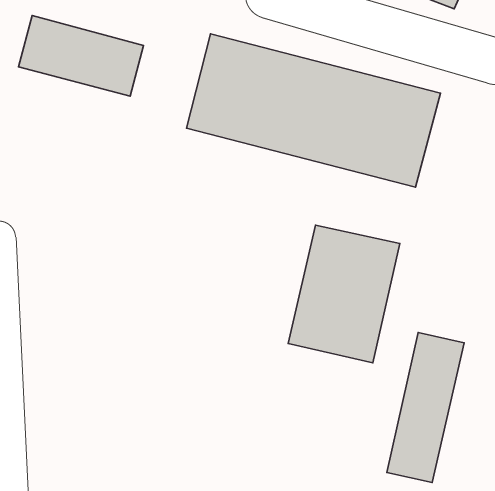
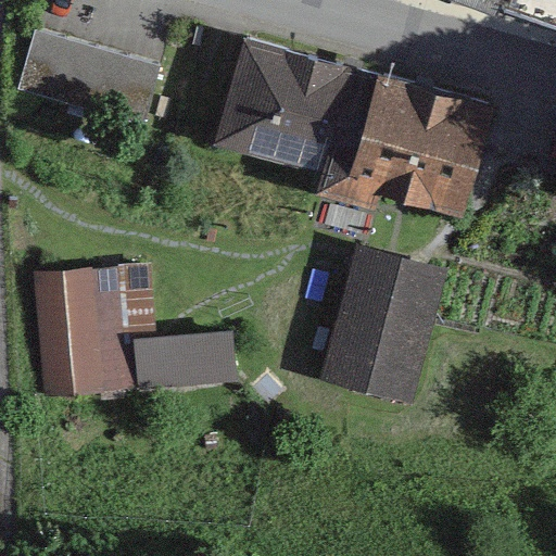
building: none -> [36,267,235,397]
building: [387,332,464,482] -> none

